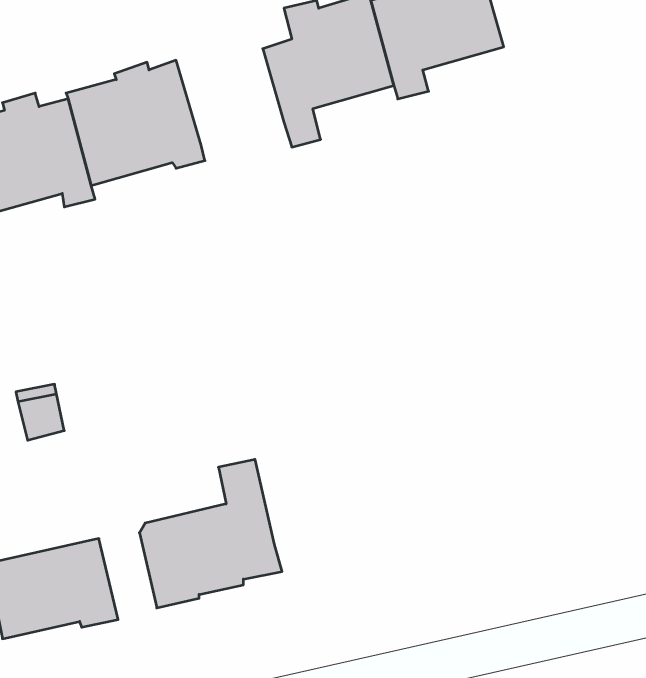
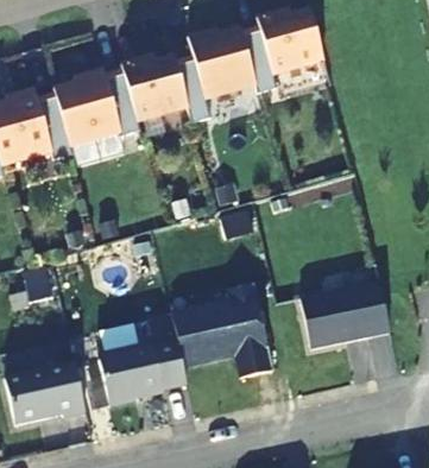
building: none -> [121,57,189,121]
building: none -> [301,282,391,349]
building: none -> [171,284,273,378]

